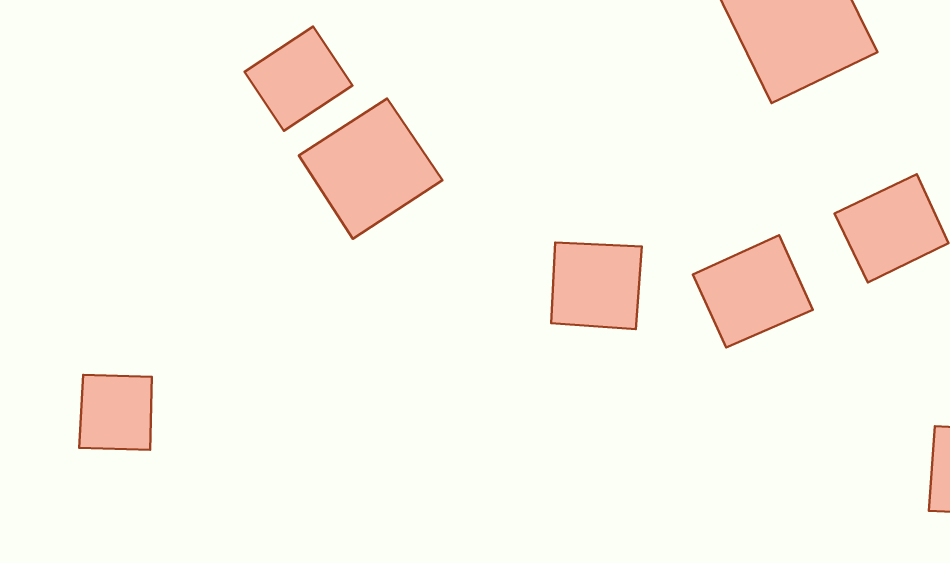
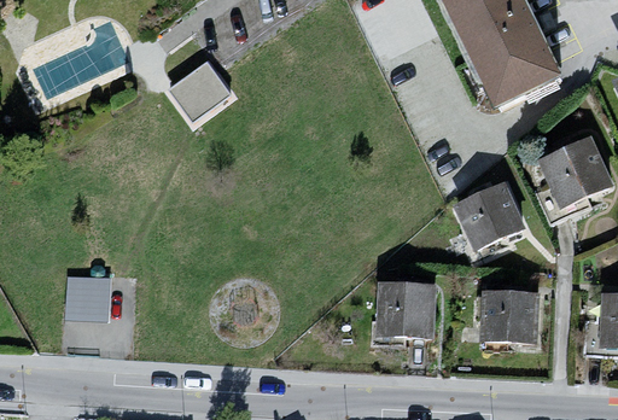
building: [299,99,442,239] -> none
building: [551,243,642,329] -> [373,288,428,342]
building: none -> [479,292,537,344]

